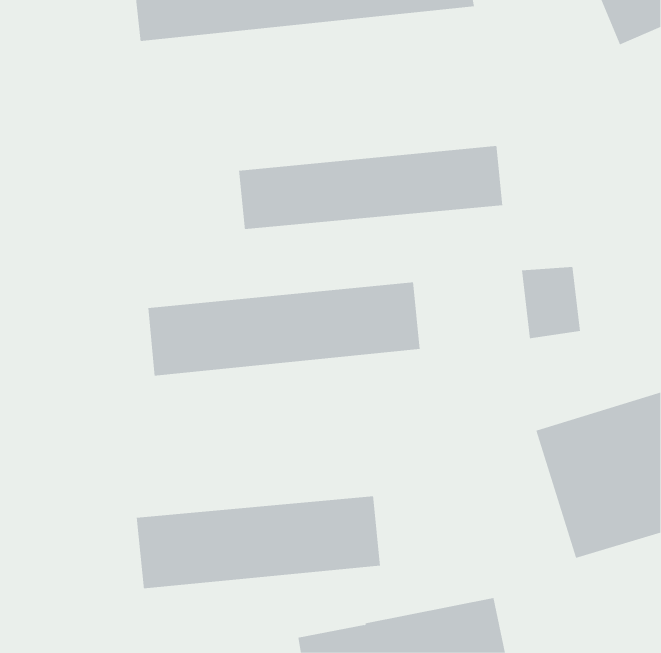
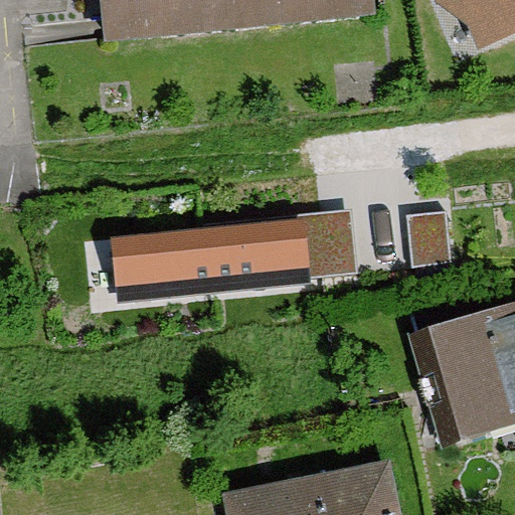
building: [239,145,503,230] -> none
building: [136,495,380,589] -> none

